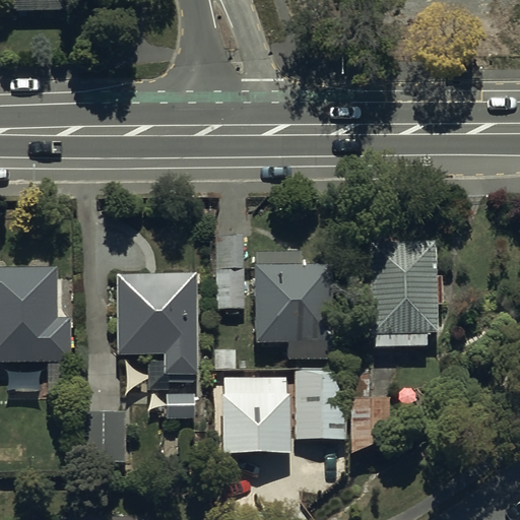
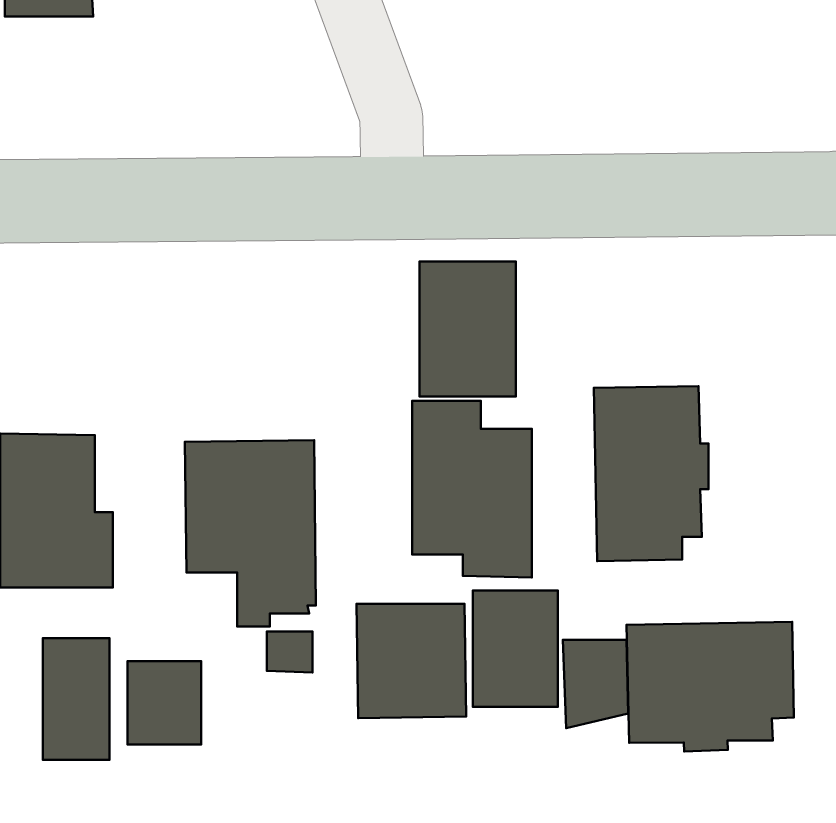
building: none -> [420,262,516,397]
building: none -> [626,622,794,752]
building: none -> [43,638,110,760]

